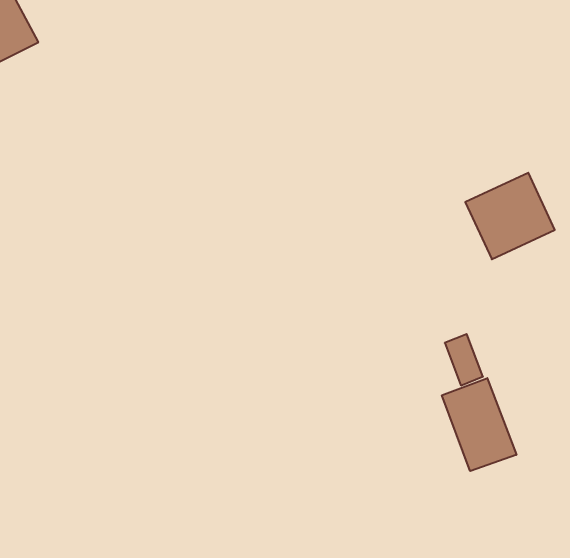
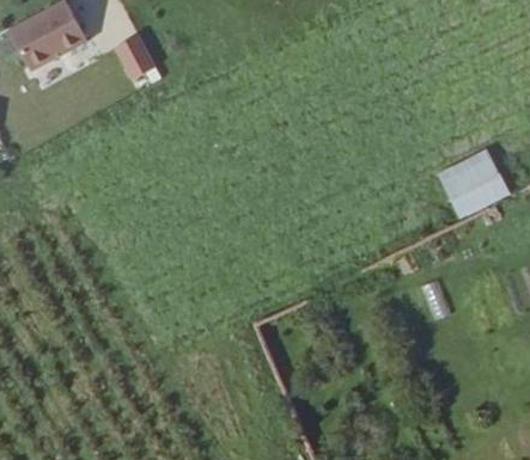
building: none -> [110,30,157,84]
building: [442,378,516,471] -> none

